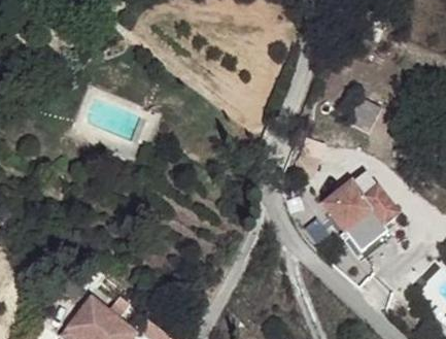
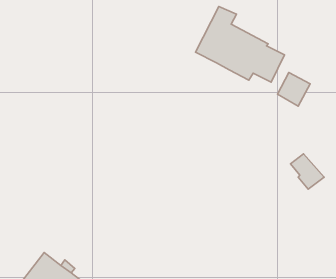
building: none -> [195,6,285,82]
building: [320,184,372,234] -> none

